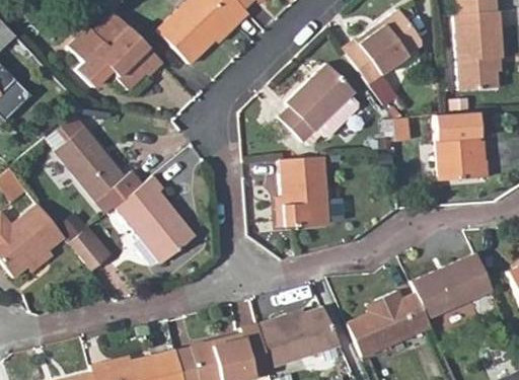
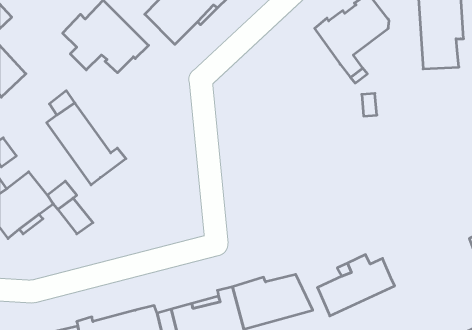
building: [282,62,363,140] -> none
building: [436,112,488,182] -> none
building: [280,156,332,224] -> none
building: [113,177,191,264] -> none
building: [411,252,492,317] -> none

